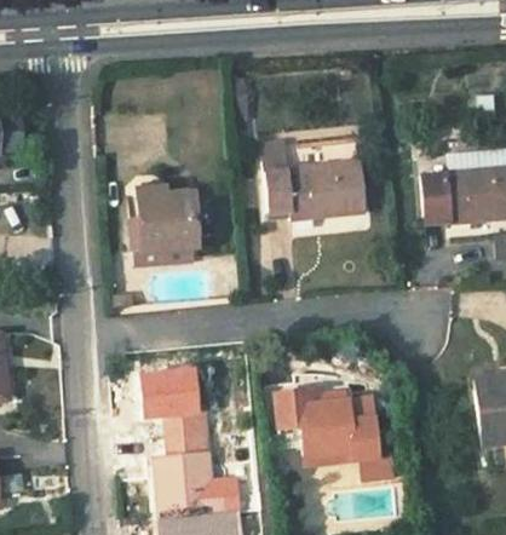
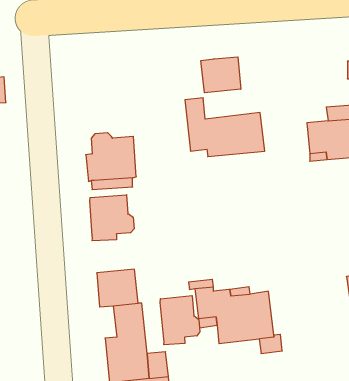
building: none -> [201,57,241,93]
building: none -> [90,195,134,241]
building: none -> [160,296,200,345]

